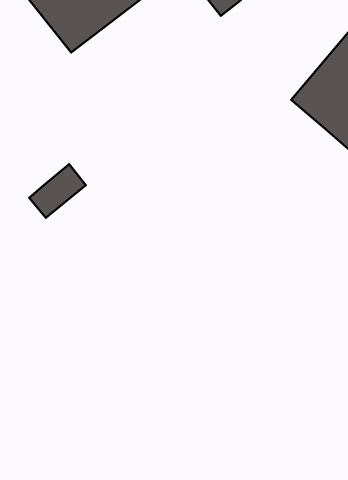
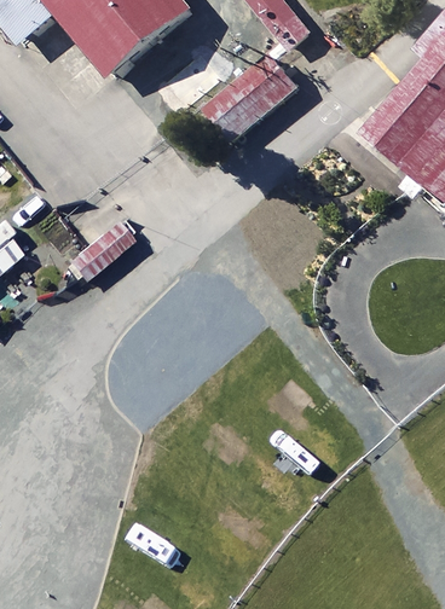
building: none -> [202,42,299,134]

